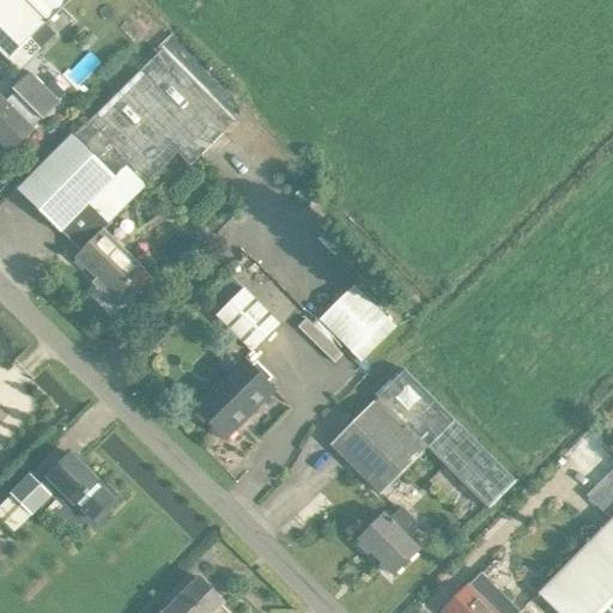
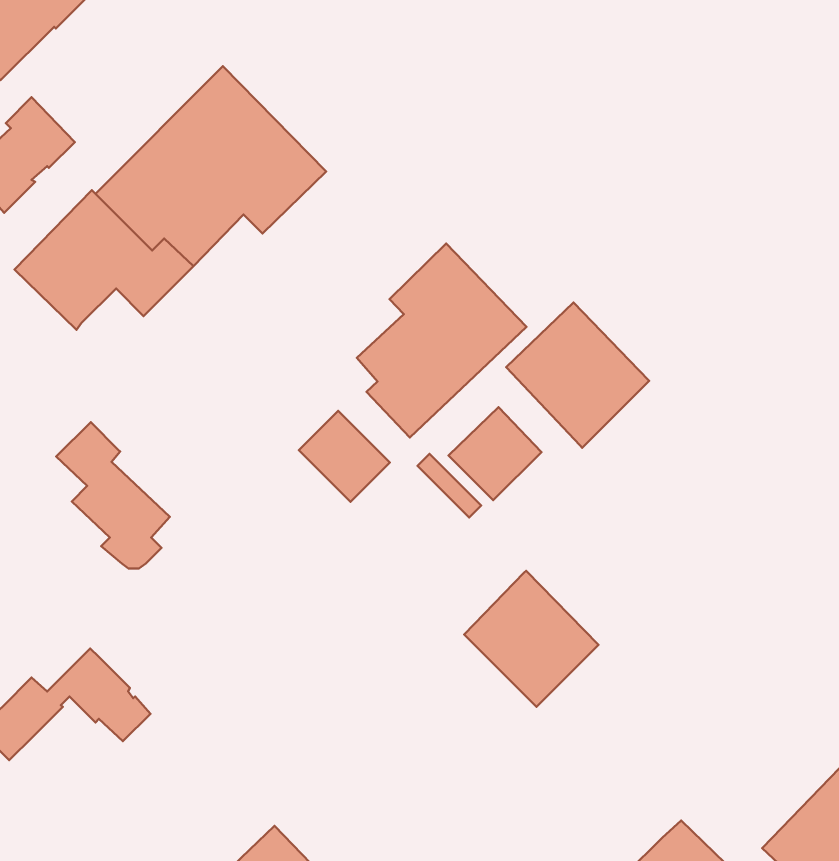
building: none -> [357,244,526,438]
building: [65,202,144,304] -> [56,422,170,569]
building: none -> [506,302,649,448]
building: [194,358,275,438] -> none
building: [374,368,516,506] -> none
building: [358,505,419,575] -> none

